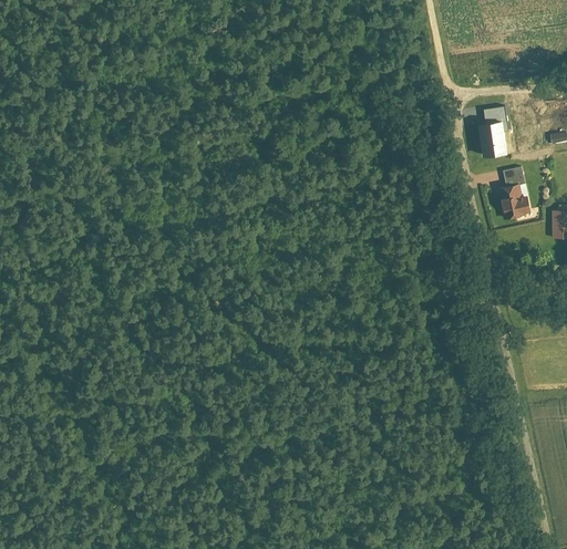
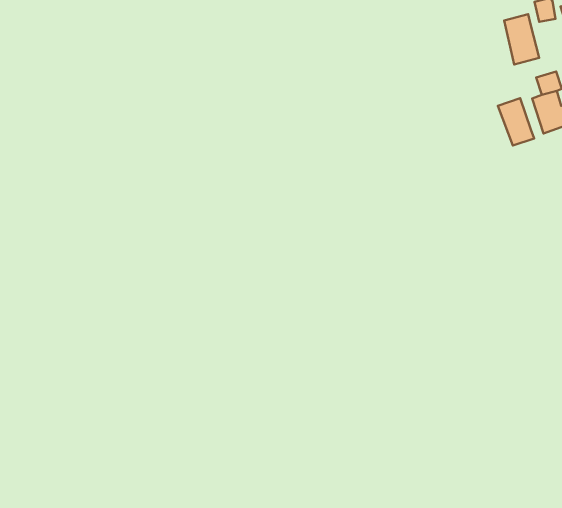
building: none -> [498,98,534,146]

